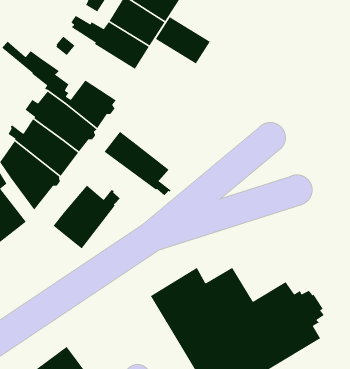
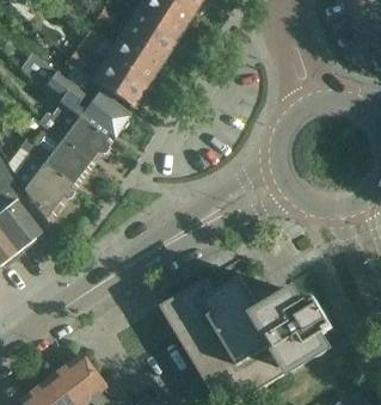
building: [155,16,211,65] -> [92,57,147,105]
building: [103,131,172,196] -> none
building: [52,185,121,250] -> none

